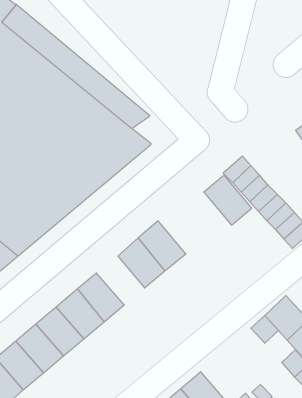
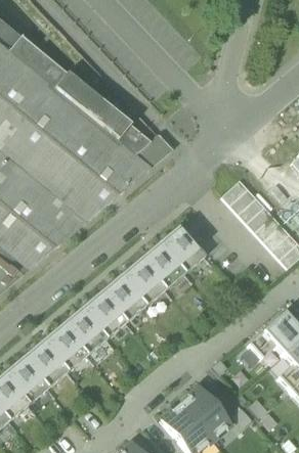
building: none -> [133,134,173,167]
building: [204,175,252,225] -> [159,225,205,273]
building: none -> [99,275,145,322]

